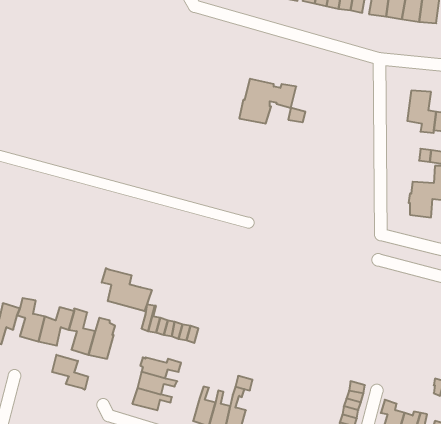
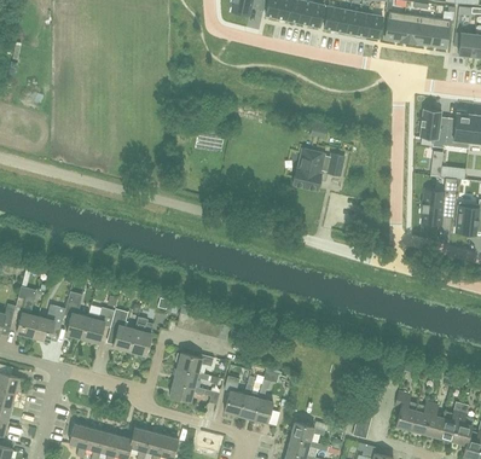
building: [239,79,296,124] -> [292,149,344,190]
building: [102,268,152,311] -> none
building: [52,355,88,390] -> none

